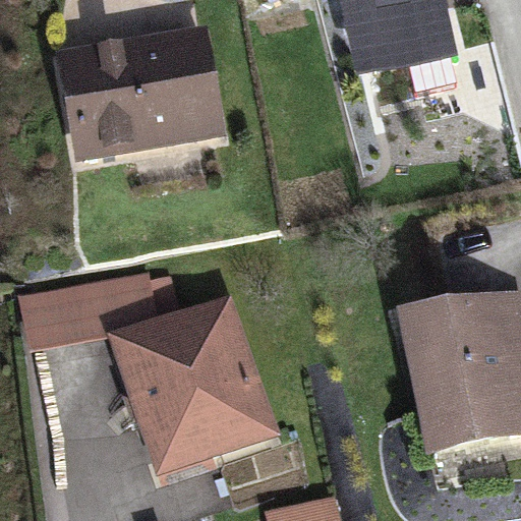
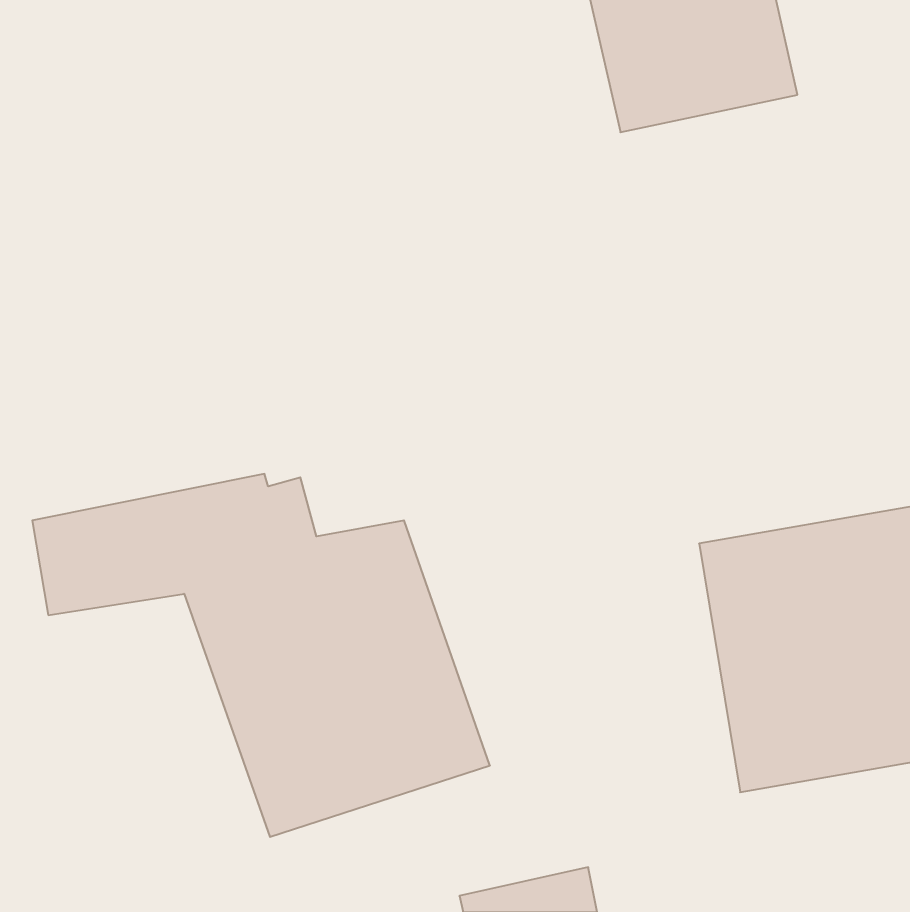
building: [56,24,229,162] -> none

